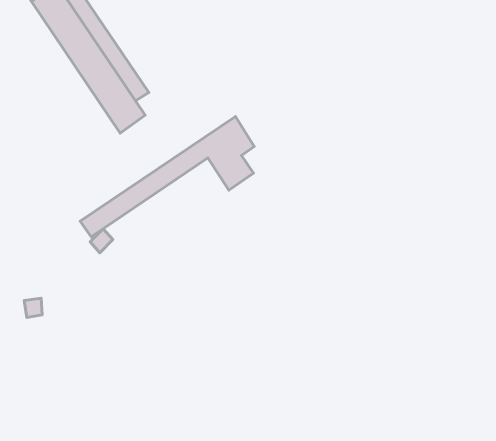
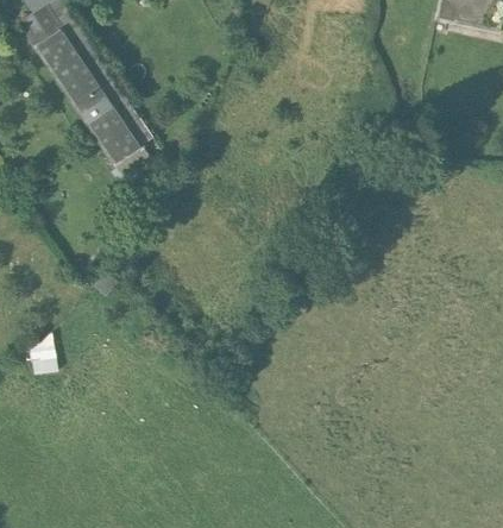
building: [80,117,254,237] -> none

